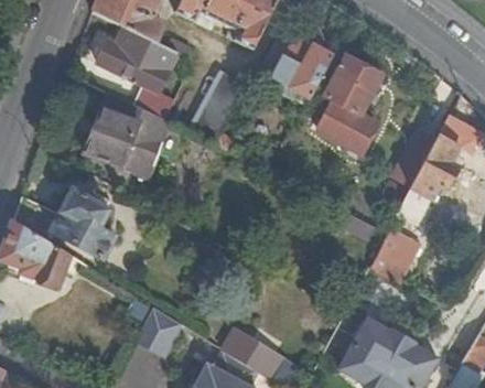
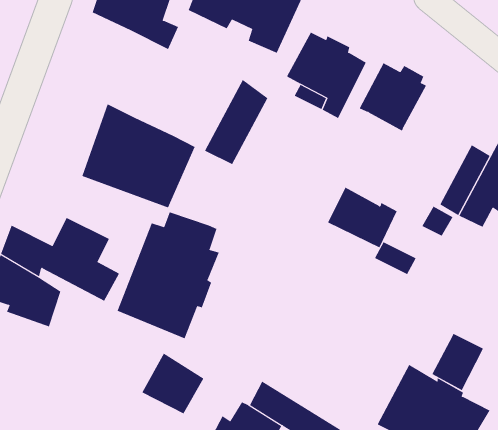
building: [98,29,179,119] -> none
building: [317,99,378,152] -> [327,187,398,248]
building: none -> [117,212,219,339]
building: [370,230,416,280] -> [431,333,484,391]

